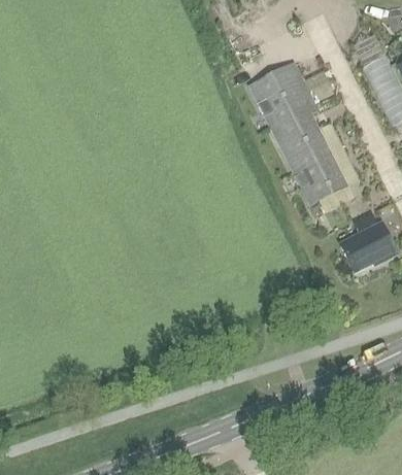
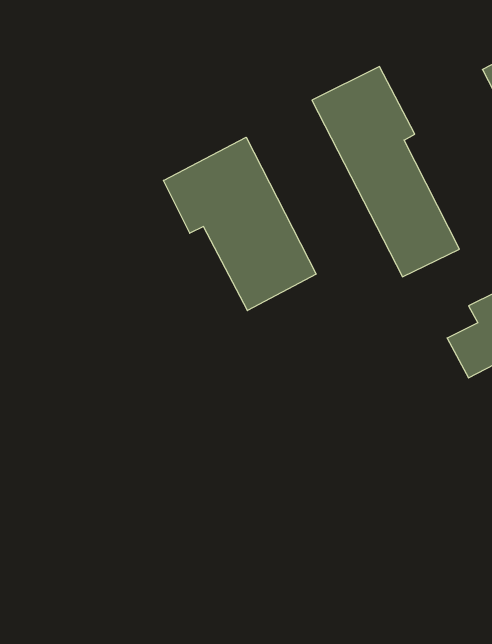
building: none -> [163,137,316,311]

